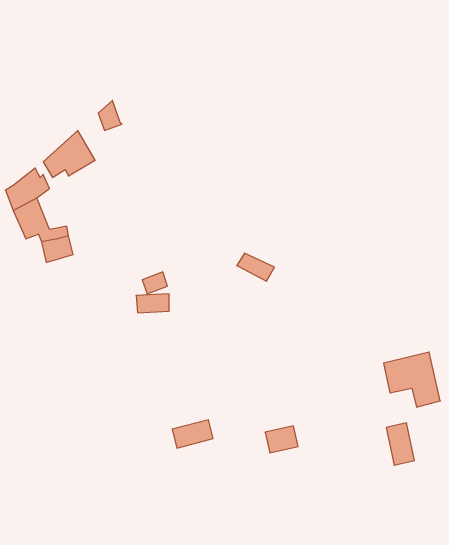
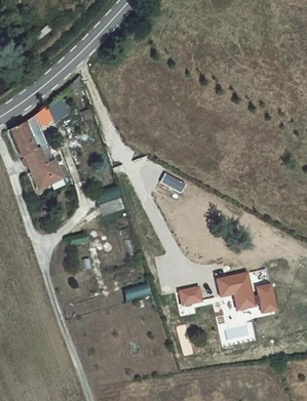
building: [384,352,440,407] -> [219,272,256,308]

